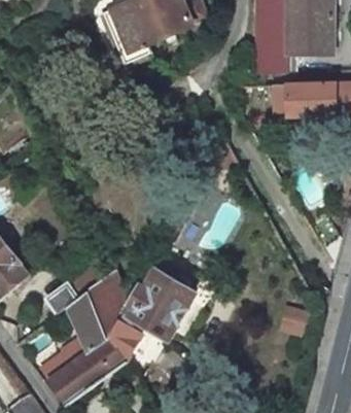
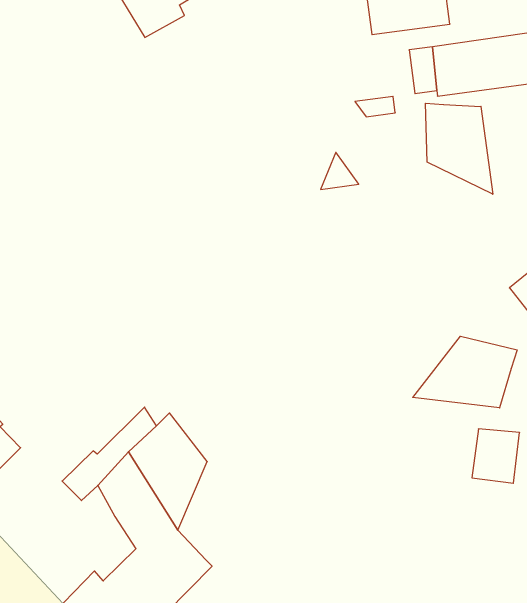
building: none -> [426,103,493,194]
building: none -> [413,336,517,408]
building: [108,271,192,355] -> none

